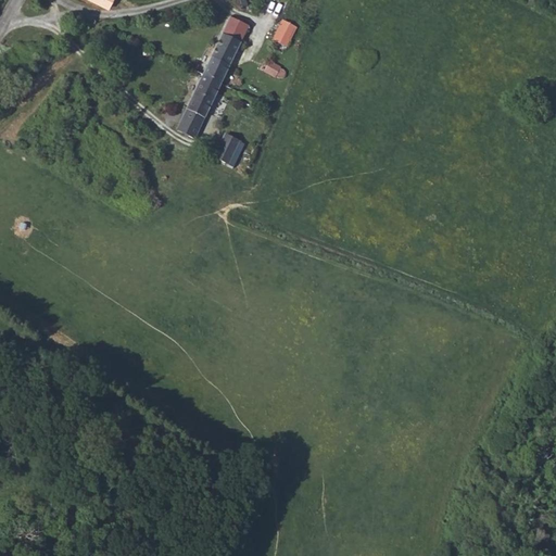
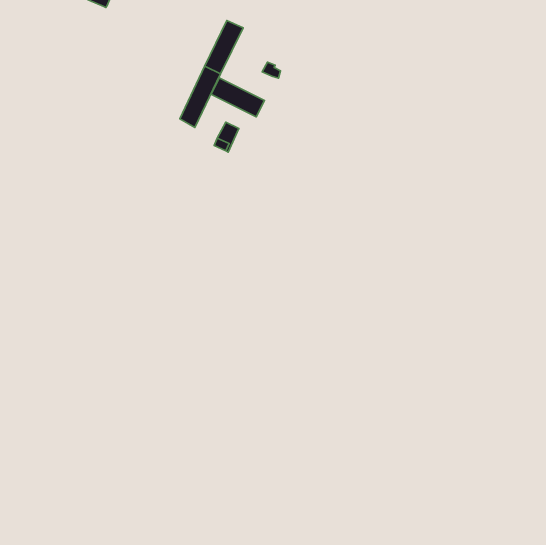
building: [270,20,295,53] -> none
building: none -> [211,78,265,117]

